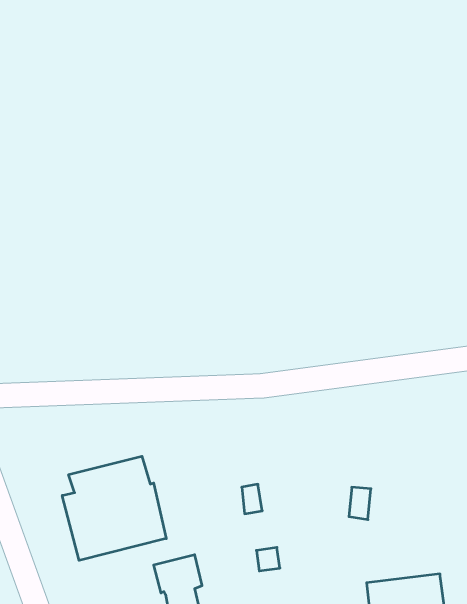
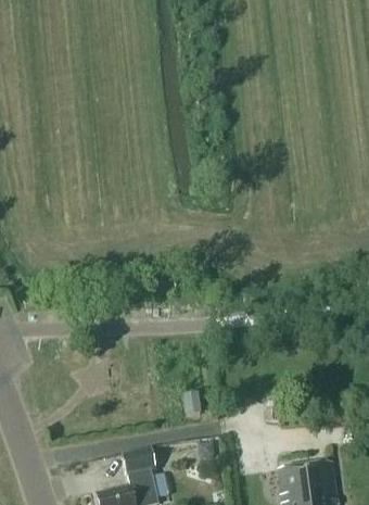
building: [62,456,166,560] -> none

